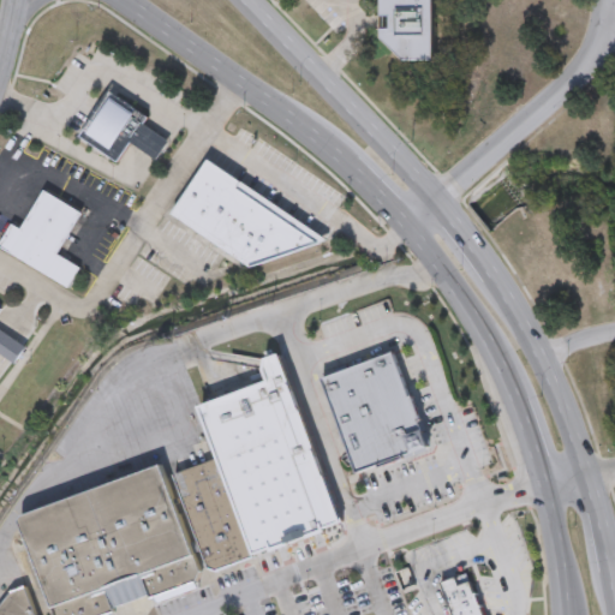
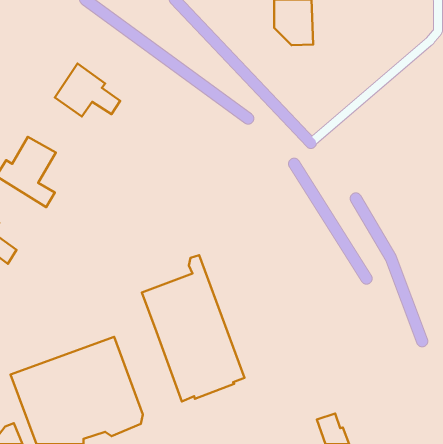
building: [169,160,327,268] -> none
building: [318,351,426,471] -> none
building: [173,458,251,567] -> none

